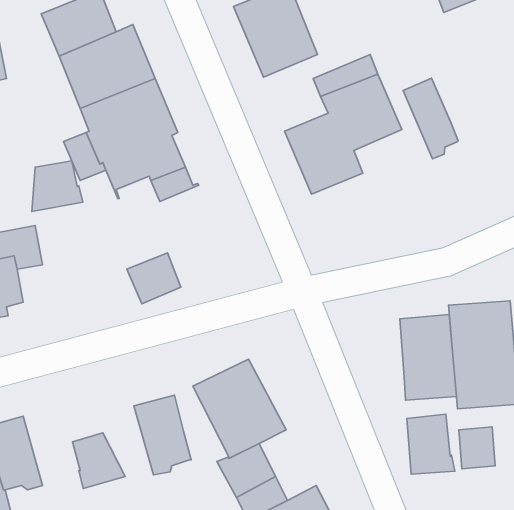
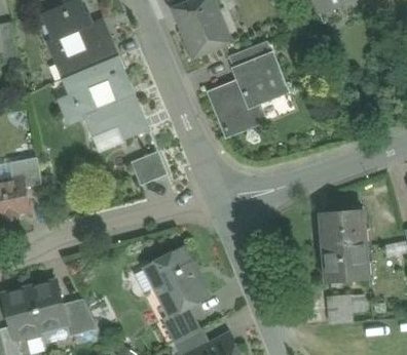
building: [403,78,458,159] -> none
building: [32,161,83,212] -> none
building: [127,253,181,304] -> [131,151,168,186]
building: [400,315,456,400] -> none
building: [134,395,191,475] -> [29,280,68,334]
building: [407,414,455,474] -> none

